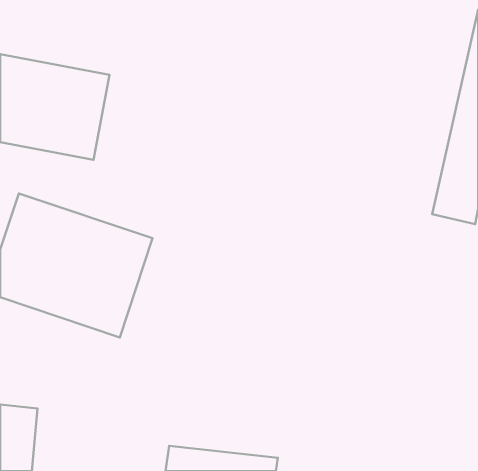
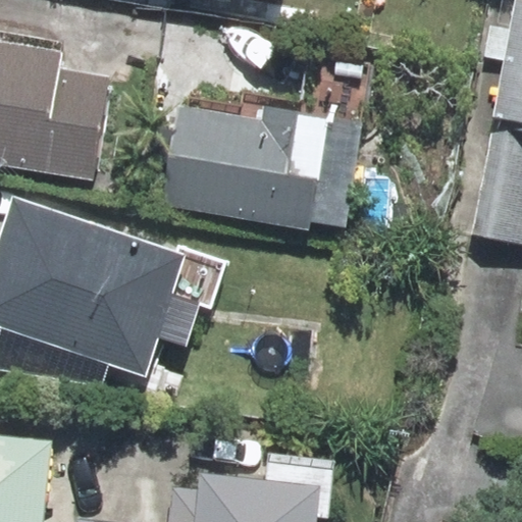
building: none -> [160,96,315,227]

